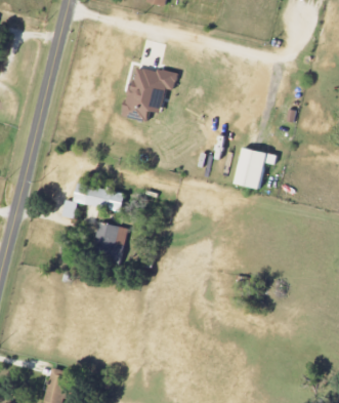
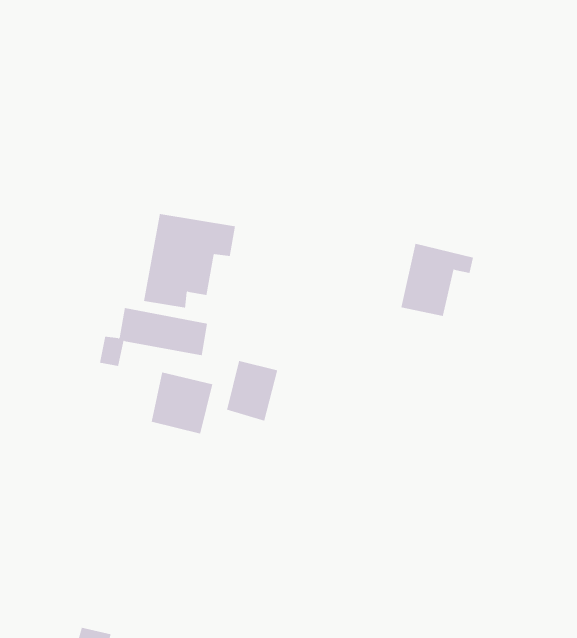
building: [124,67,177,121] -> [143,214,236,308]
building: none -> [226,360,278,421]

